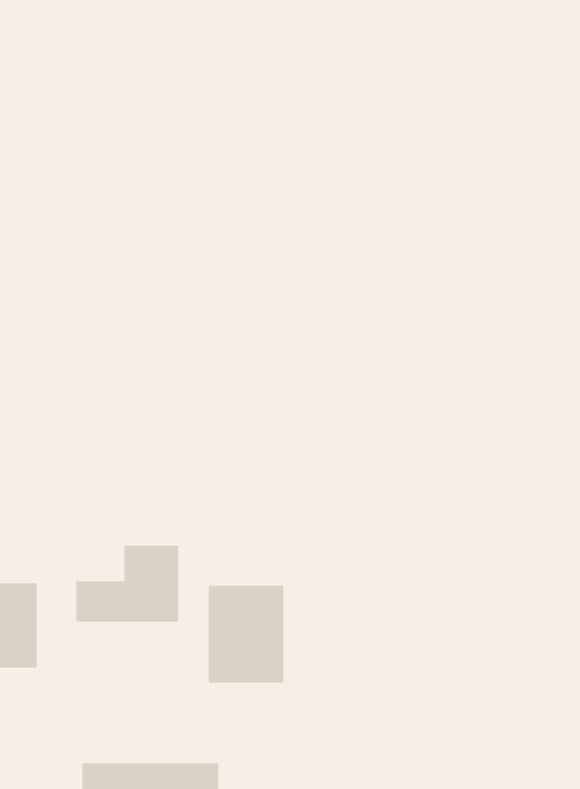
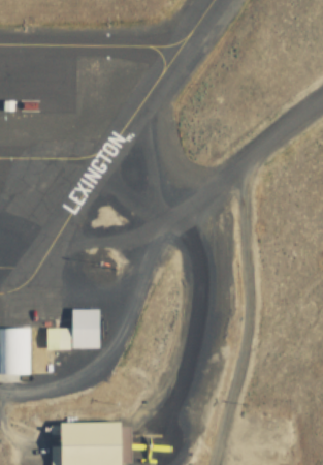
building: [208,585,284,684] -> none

